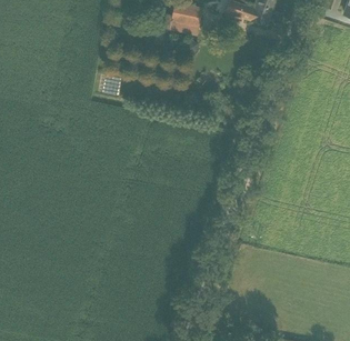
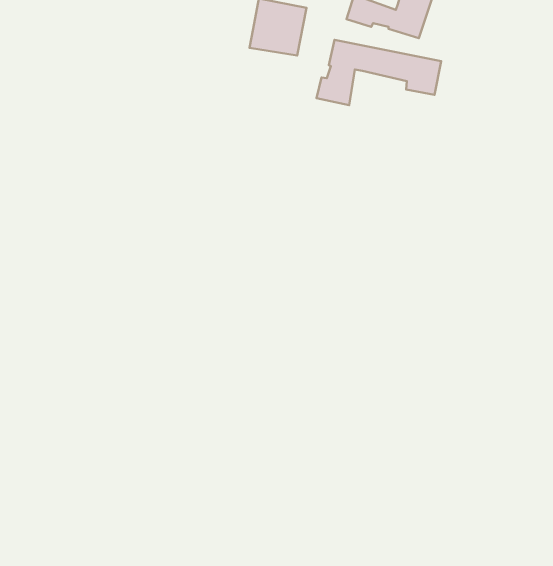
building: none -> [317,40,441,105]

